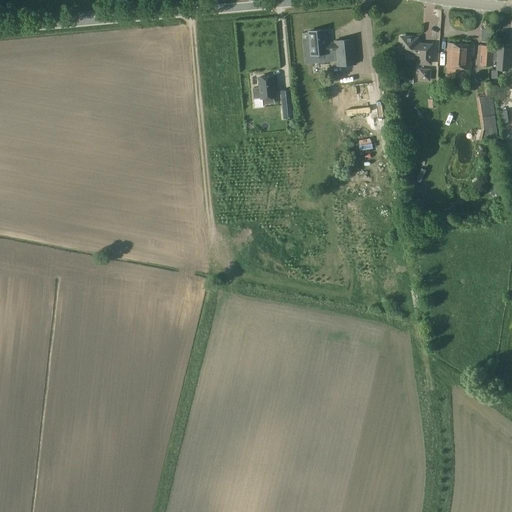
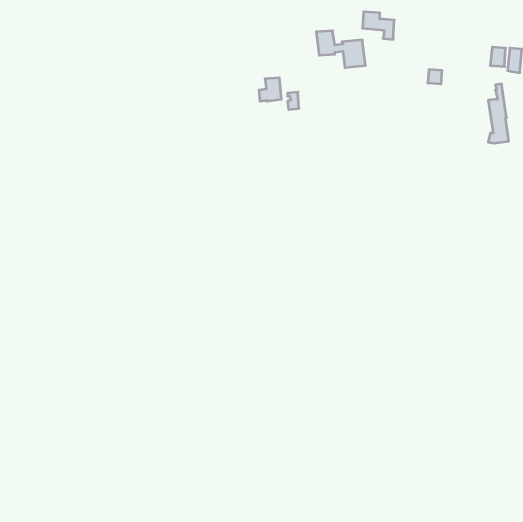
building: [400,38,431,65] -> [363,12,394,39]
building: [447,45,474,69] -> none

